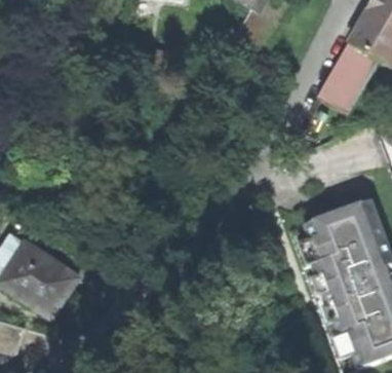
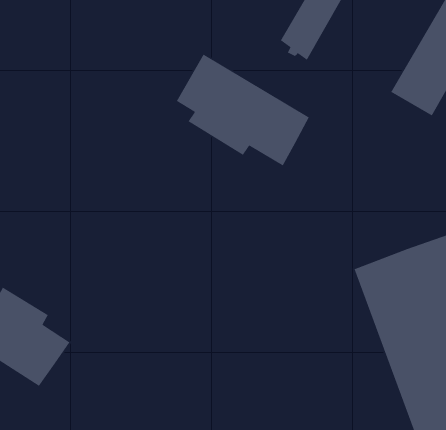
building: none -> [176,53,310,167]

